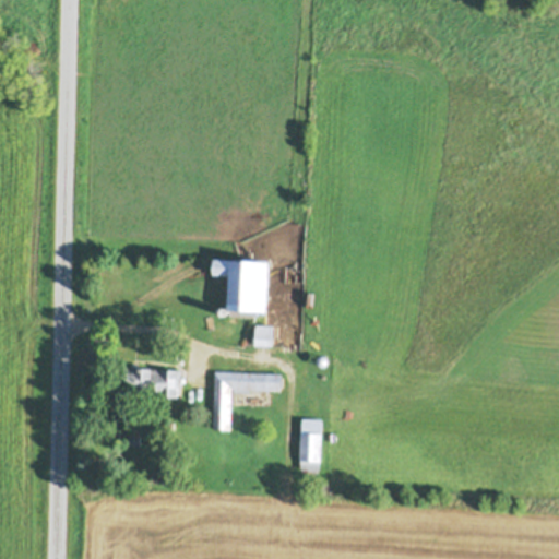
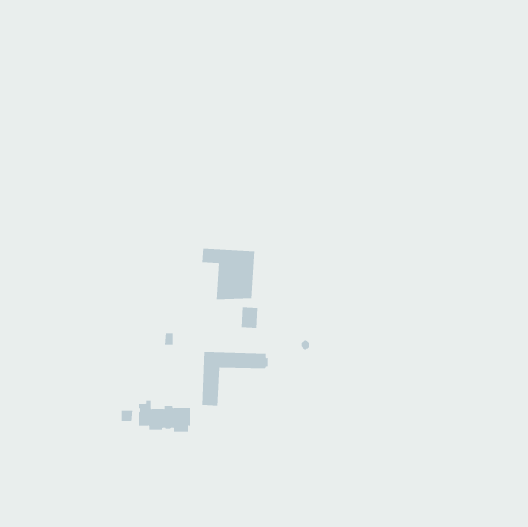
building: [124,365,180,399] -> [138,400,191,432]
building: [299,418,322,468] -> none

